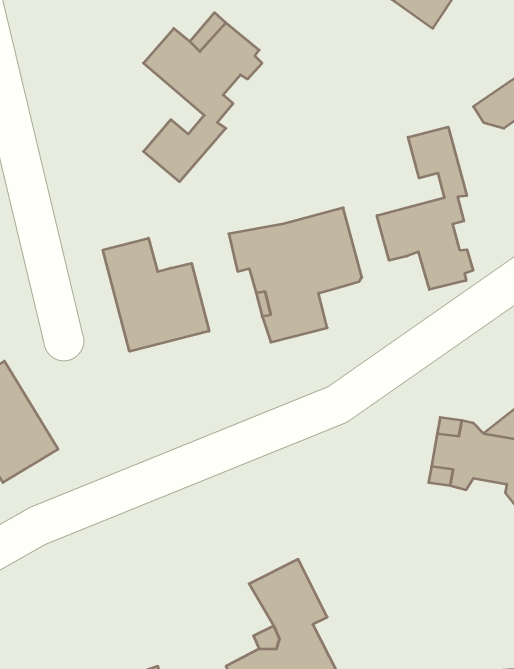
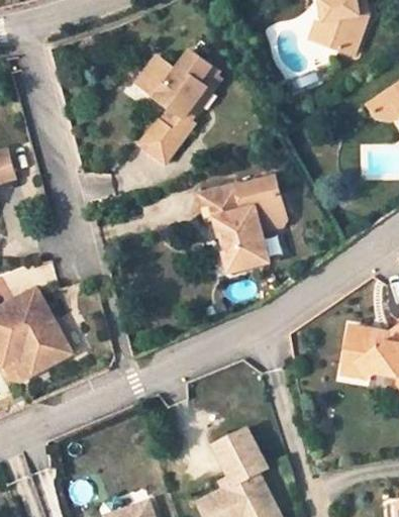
building: [377,127,473,290] -> none
building: [103,238,209,351] -> none

